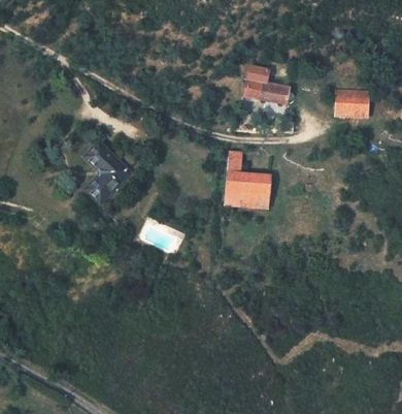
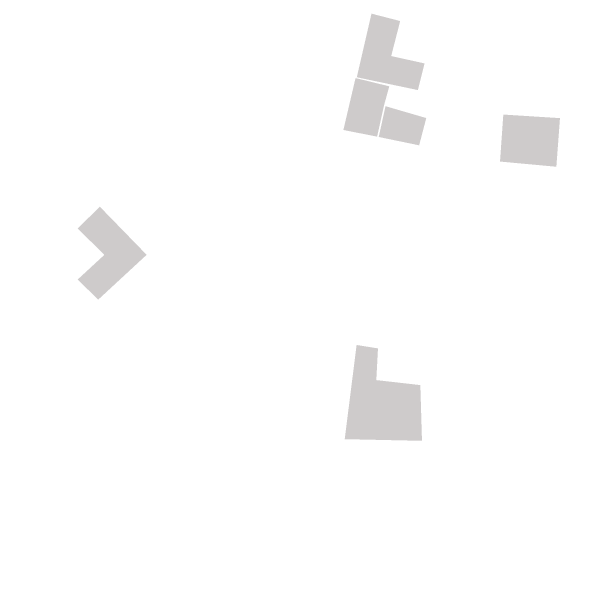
building: none -> [356,13,425,91]
building: [223,150,269,206] -> [344,345,423,441]

